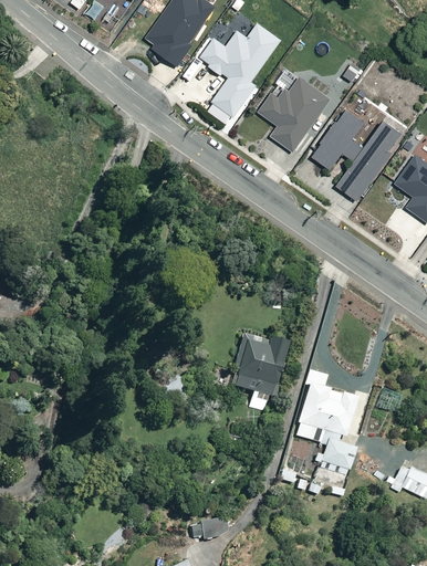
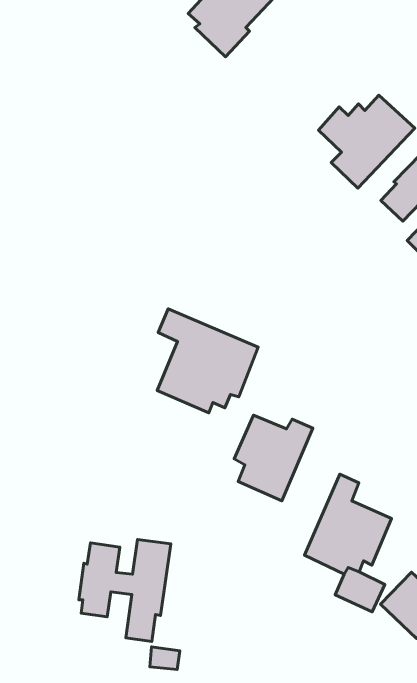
building: [199,23,280,116] -> none
building: none -> [157,309,258,413]
building: none -> [79,539,171,641]

